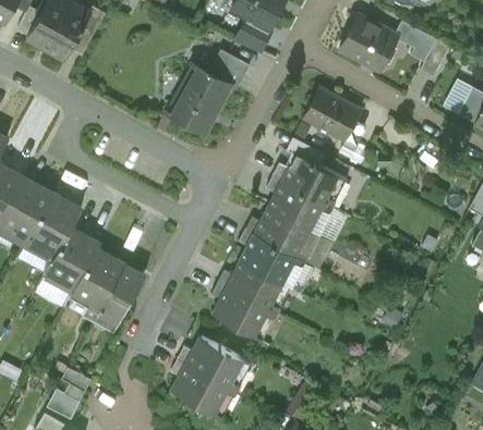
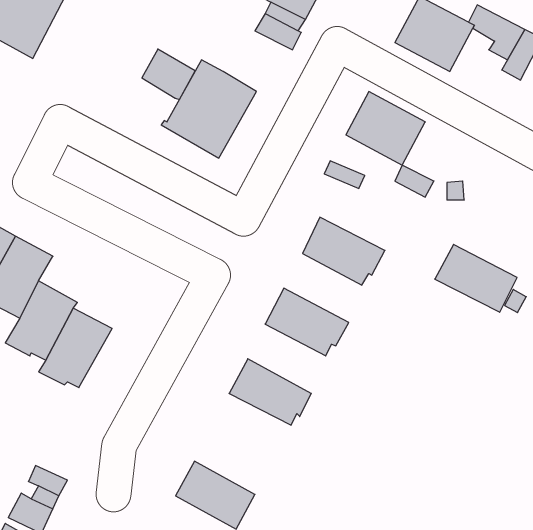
building: [208,49,249,87] -> [142,49,195,100]
building: [281,155,343,206] -> [435,244,517,312]
building: [254,208,313,260] -> none
building: [227,261,286,314] -> none
building: [95,265,143,329] -> none
building: [186,337,247,390] -> none

